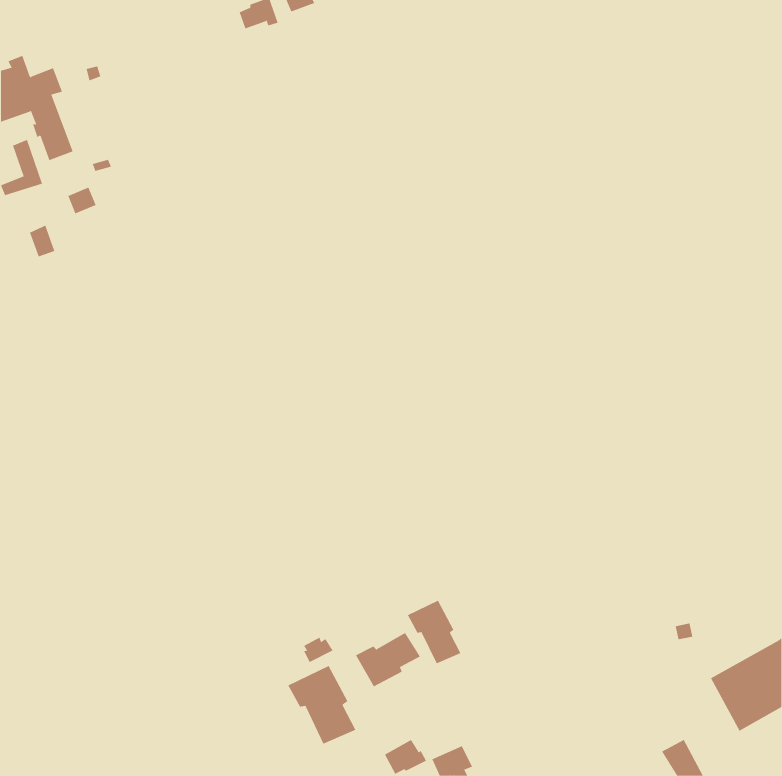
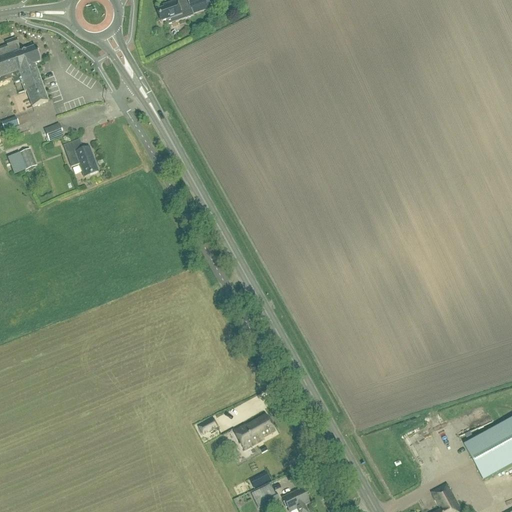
building: none -> [63,138,98,175]
building: [407,600,461,664] -> none
building: [288,665,356,744] -> none

